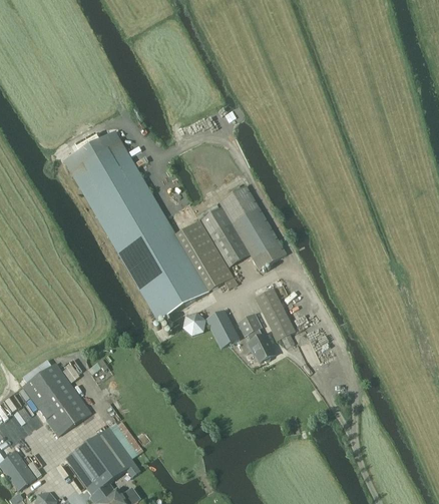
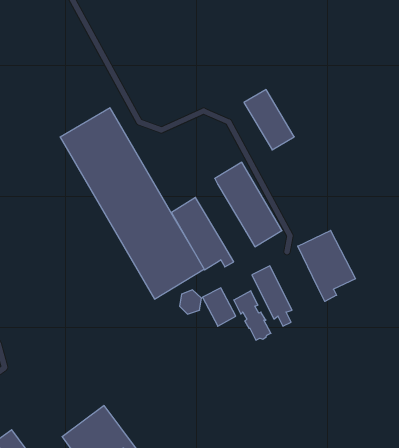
building: [198,206,249,267] -> [244,90,294,150]
building: none -> [298,230,355,301]
building: [22,362,90,435] -> none

